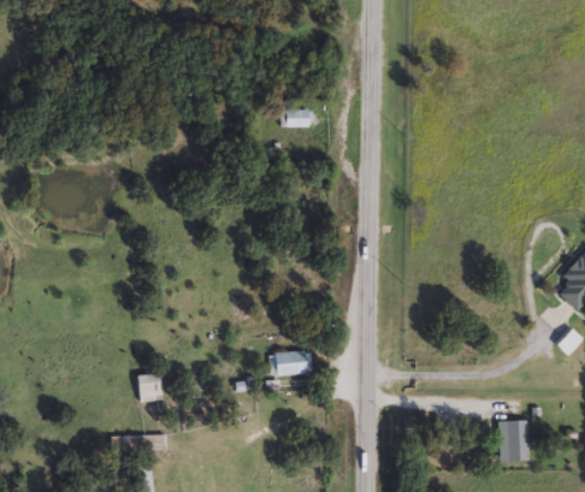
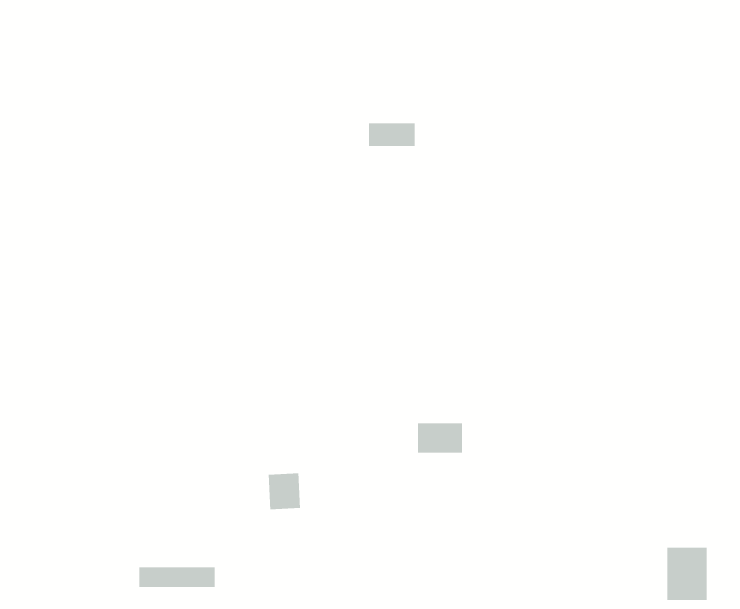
building: [273,352,307,375] -> [417,422,463,453]
building: [140,374,164,402] -> [268,473,301,510]

